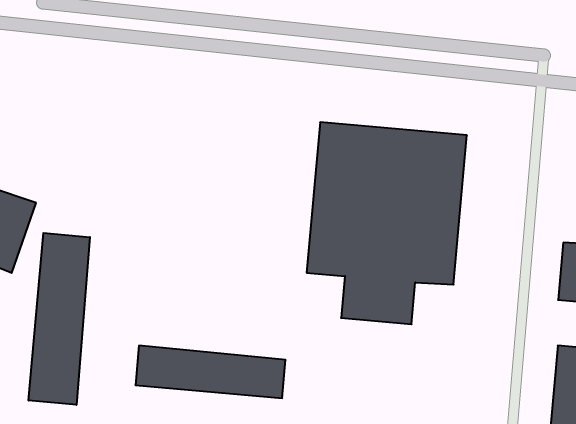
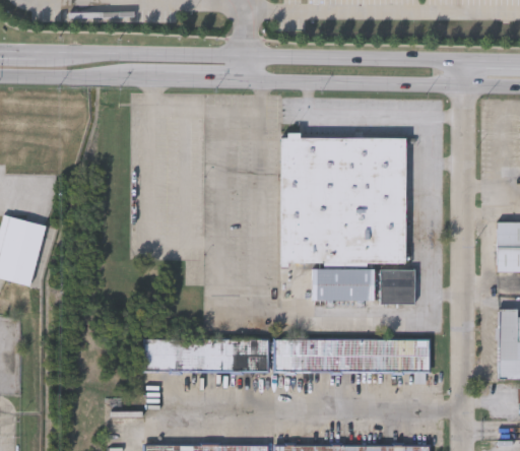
building: [29,233,90,405] -> none
building: none -> [380,268,415,304]
building: none -> [275,338,431,372]

